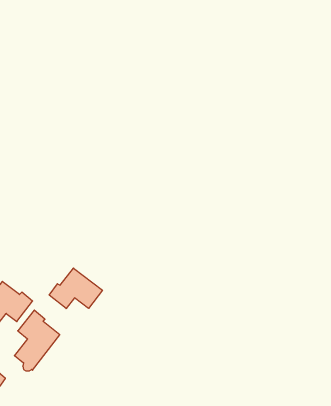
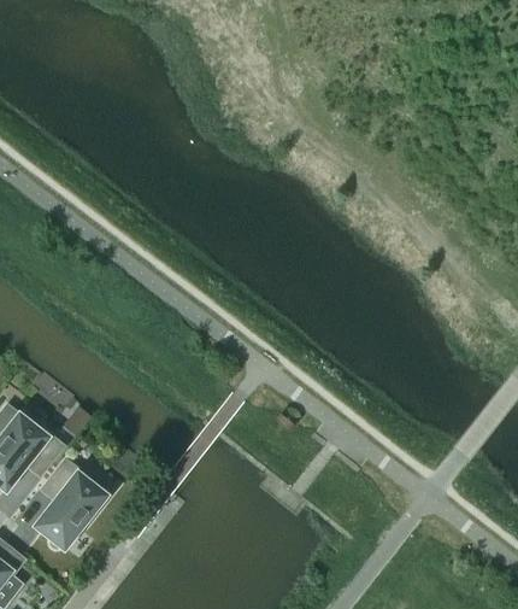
building: [49,268,102,309] -> none

